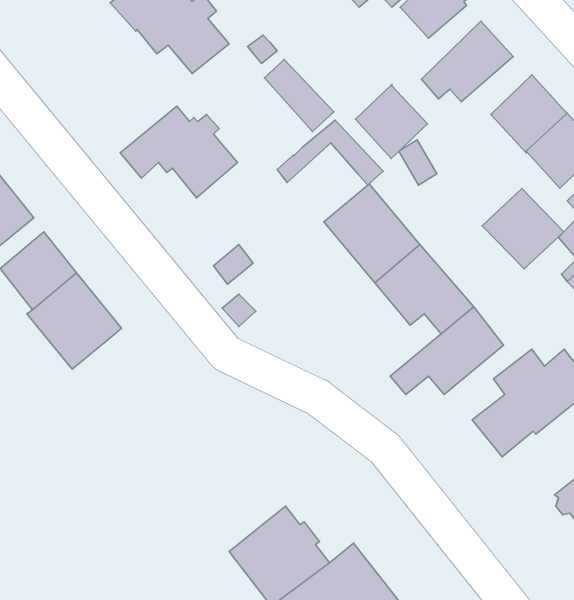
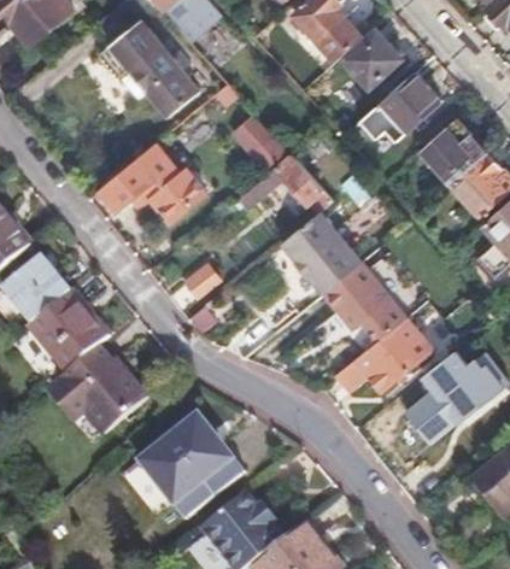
building: [356,85,428,158] -> none
building: [482,189,564,269] -> none
building: none -> [43,341,146,433]
building: none -> [137,407,245,514]

